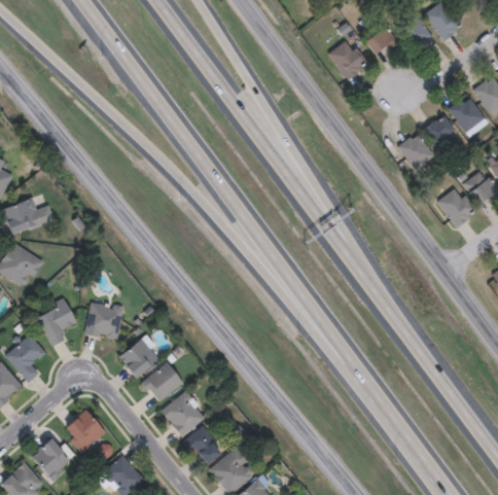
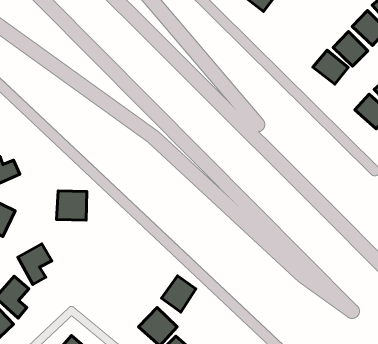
building: [85,303,123,340] -> [57,191,87,220]
building: [118,338,159,378] -> none
building: [142,362,182,403] -> [161,276,196,312]

